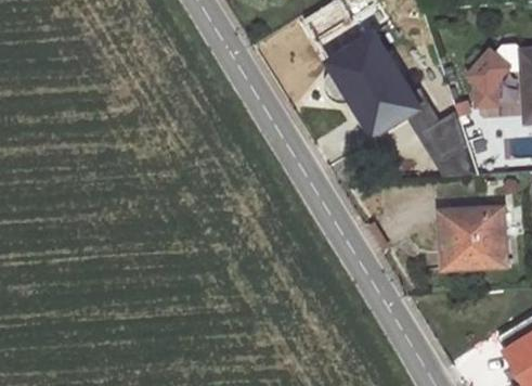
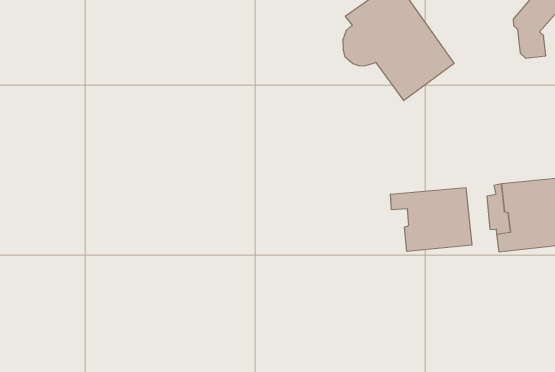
building: [426,118,468,160] -> none
building: none -> [391,188,472,251]

